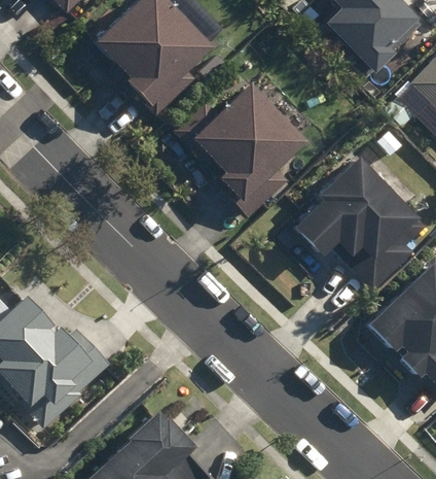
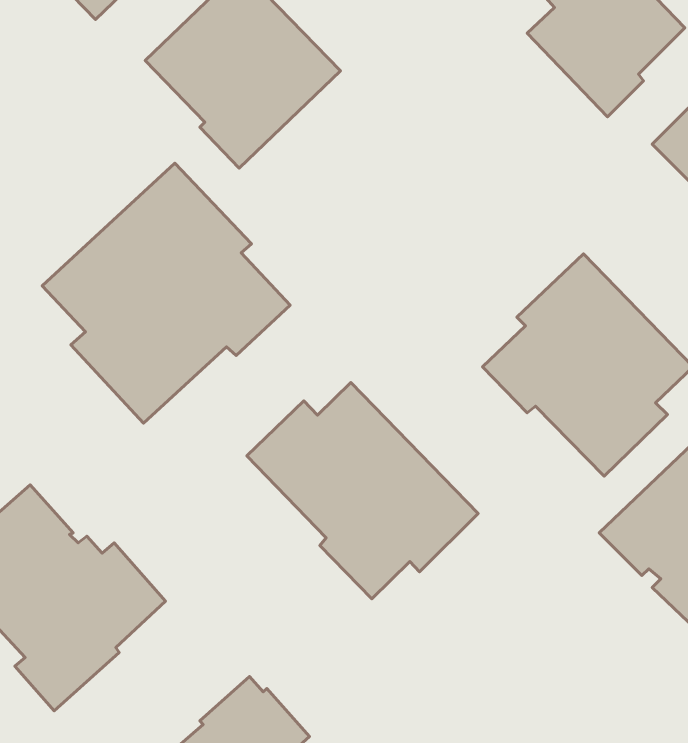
building: [175,83,305,217] -> none
building: none -> [42,163,290,423]
building: none -> [247,382,478,599]

